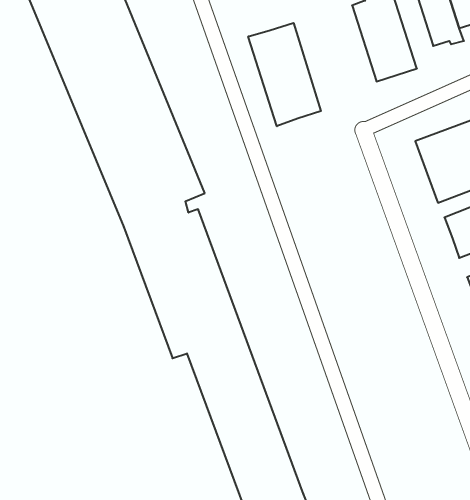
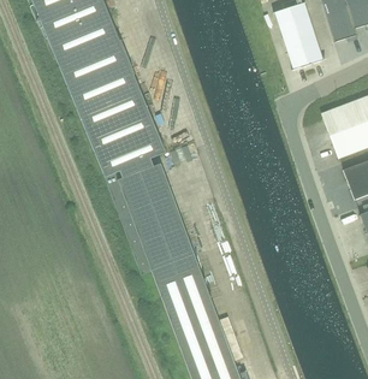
building: [248,23,321,126] -> none

